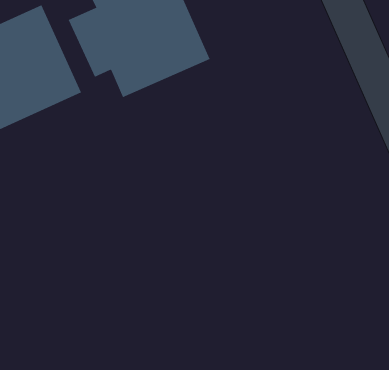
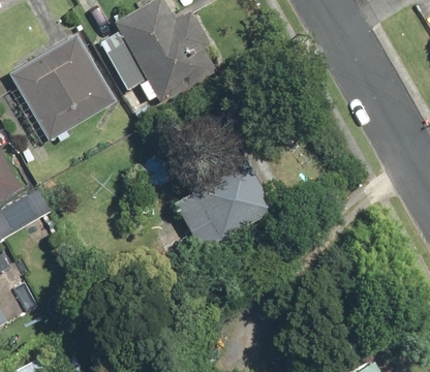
building: none -> [174,153,277,249]

